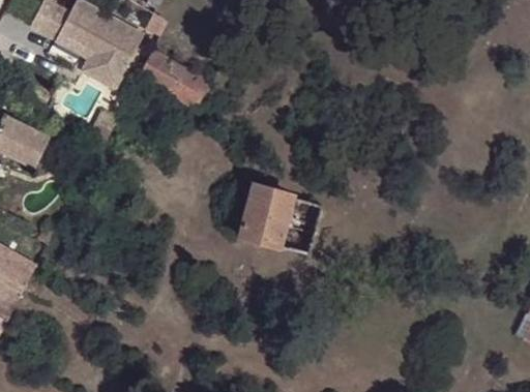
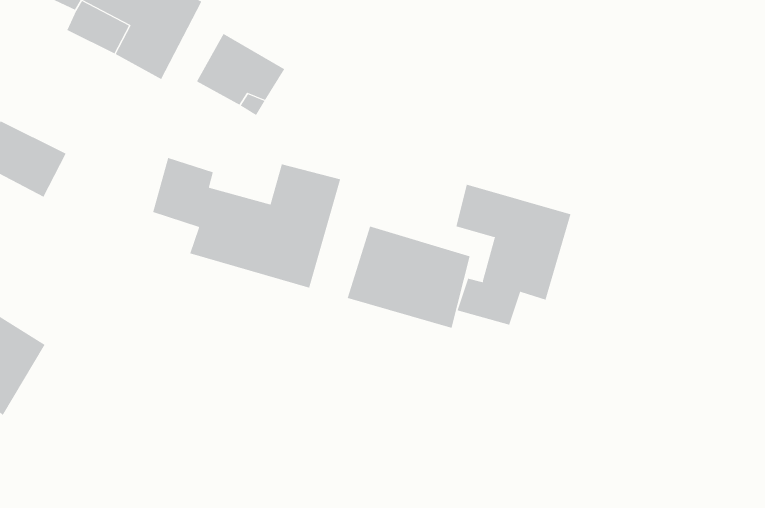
building: none -> [153,157,341,288]
building: none -> [456,184,571,325]

